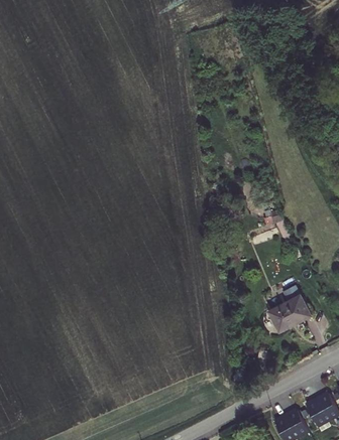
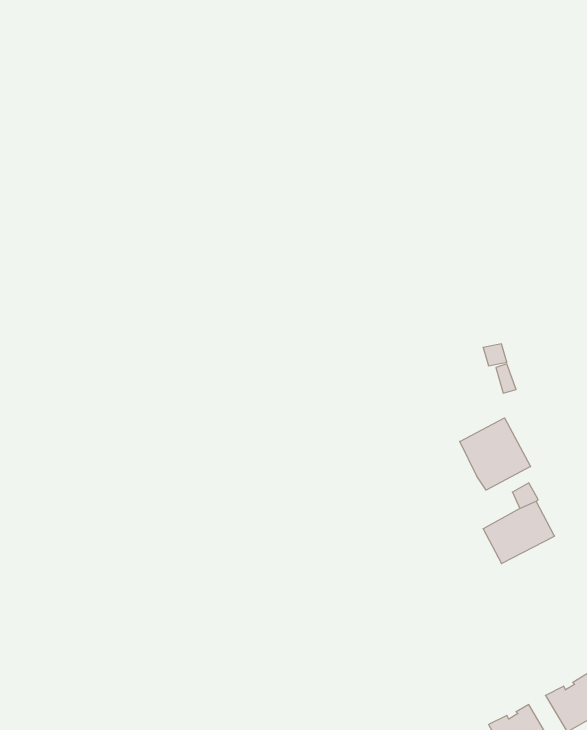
building: none -> [460,418,531,490]

